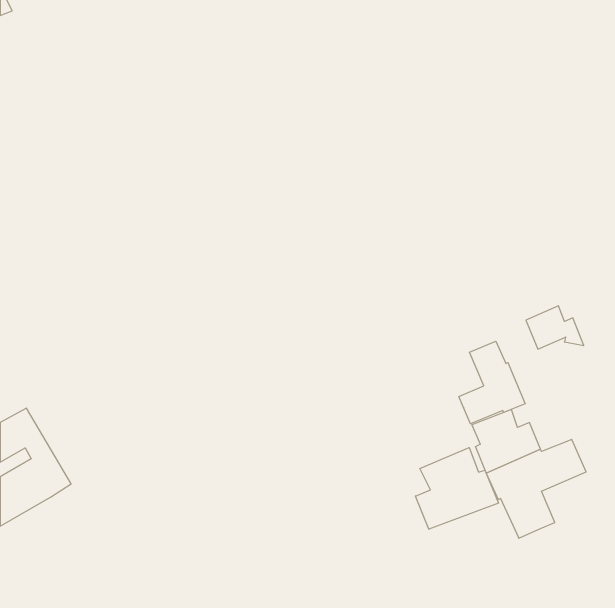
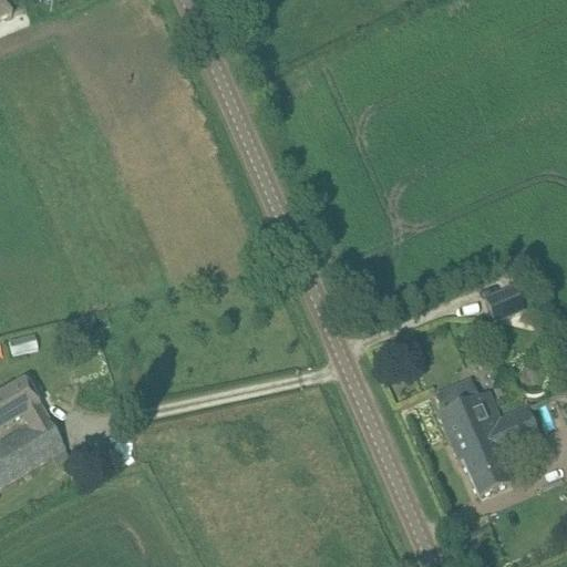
building: [459,341,525,424] -> none
building: [415,448,498,529] -> none

